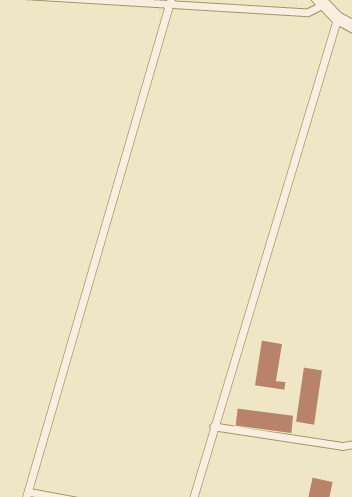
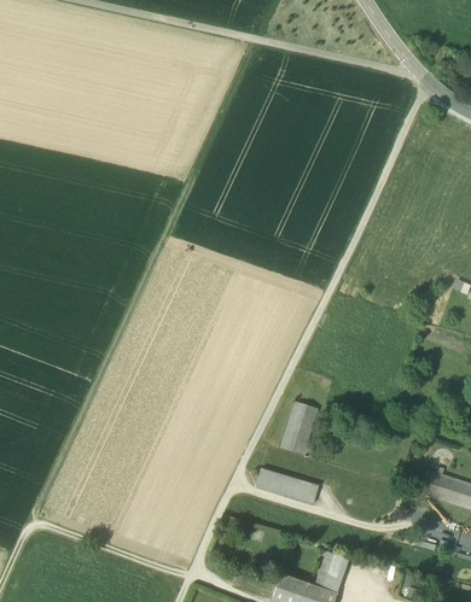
building: [296,367,322,425] -> none

